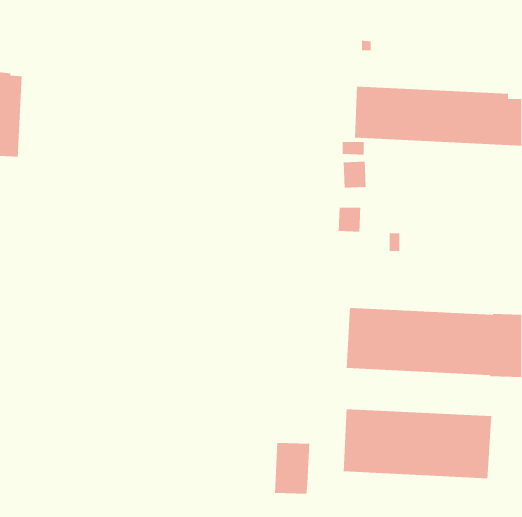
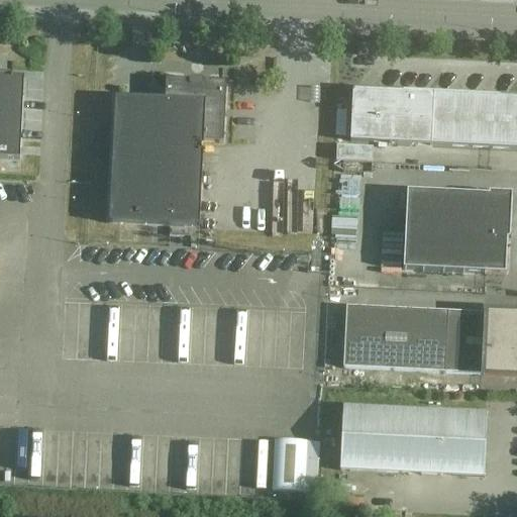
building: none -> [110,76,227,224]
building: none -> [401,186,507,271]

